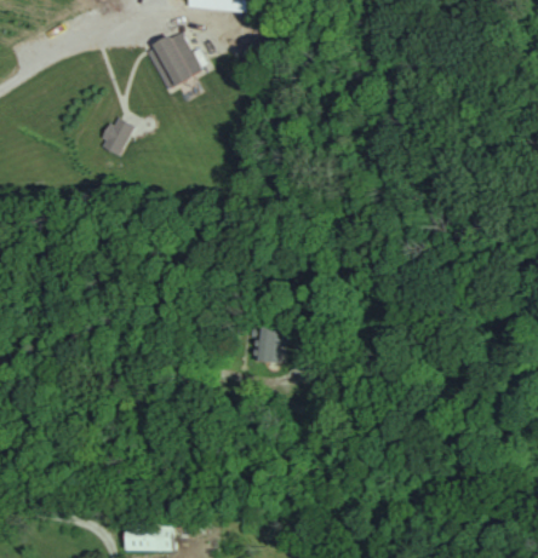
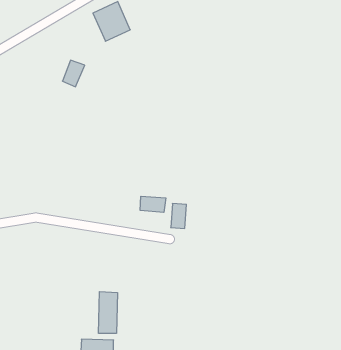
building: none -> [140,196,166,212]
building: none -> [99,292,117,333]

